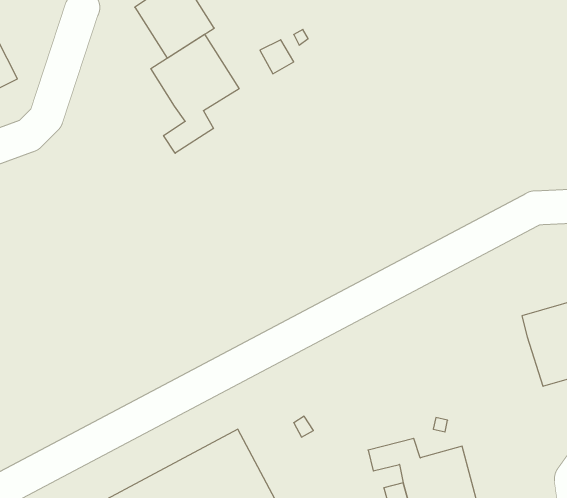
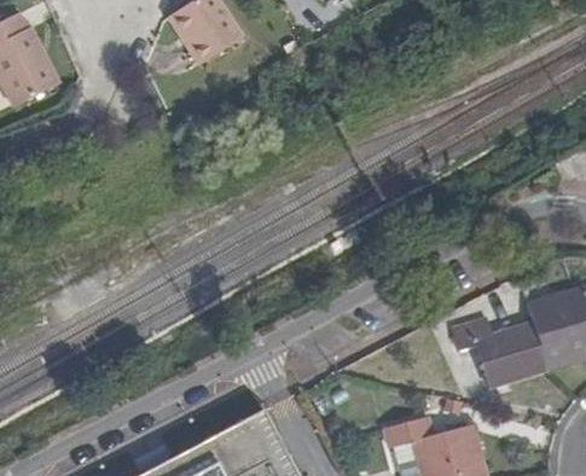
building: [151,34,239,153] -> none
building: none -> [452,312,546,387]

